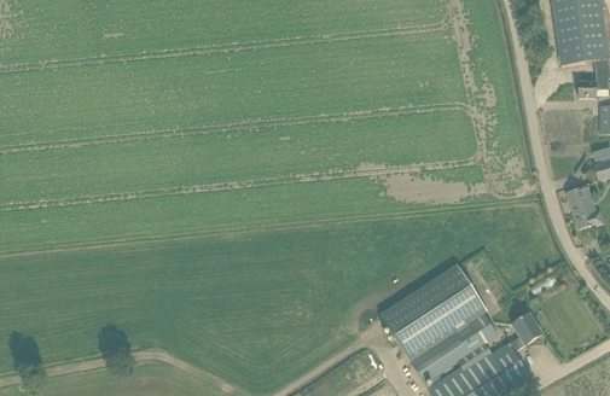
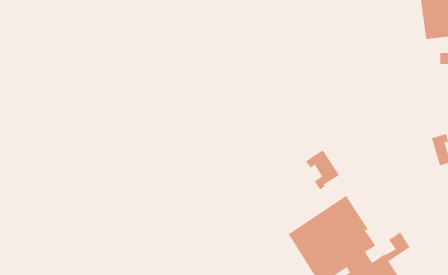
building: none -> [305,150,340,190]

